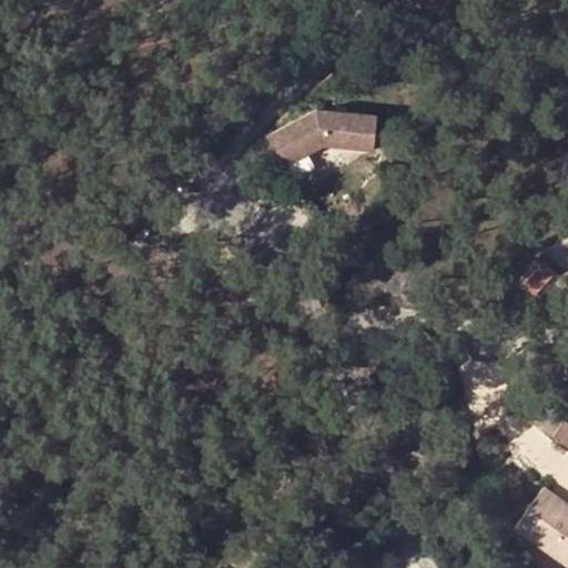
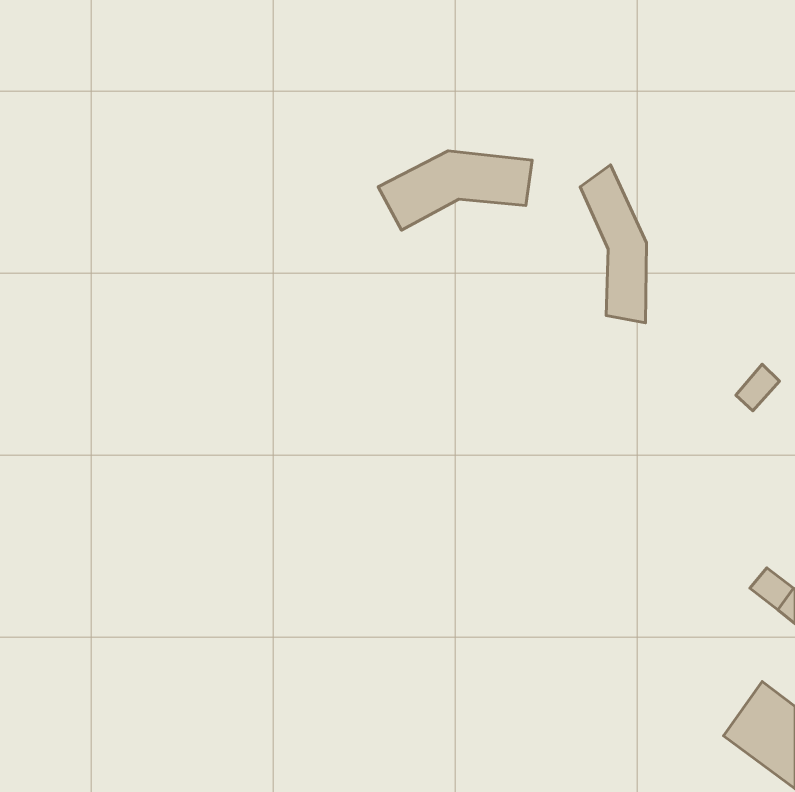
building: none -> [580,165,646,323]

